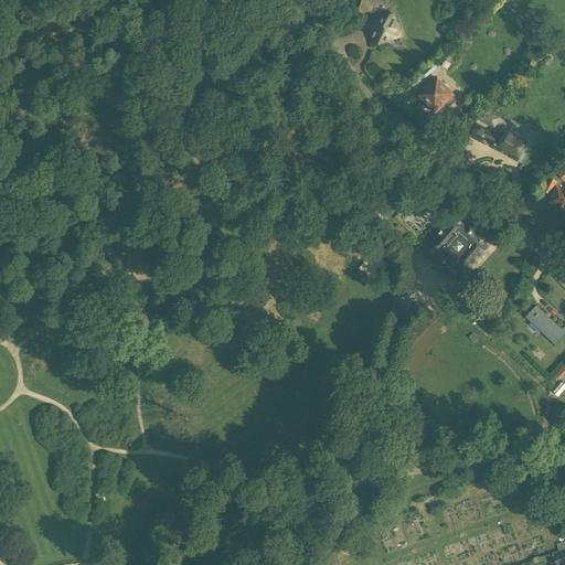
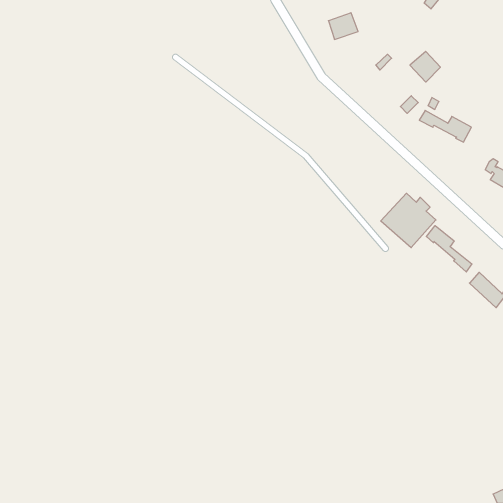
building: [419,77,454,111] -> [410,51,440,82]
building: none -> [426,226,472,272]

